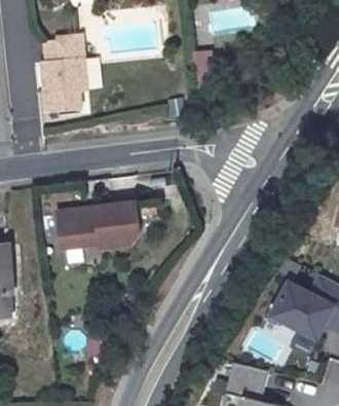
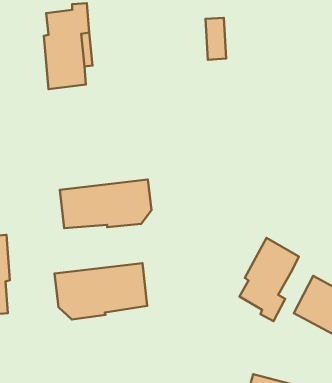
building: none -> [240,238,299,321]
building: none -> [55,263,147,319]

